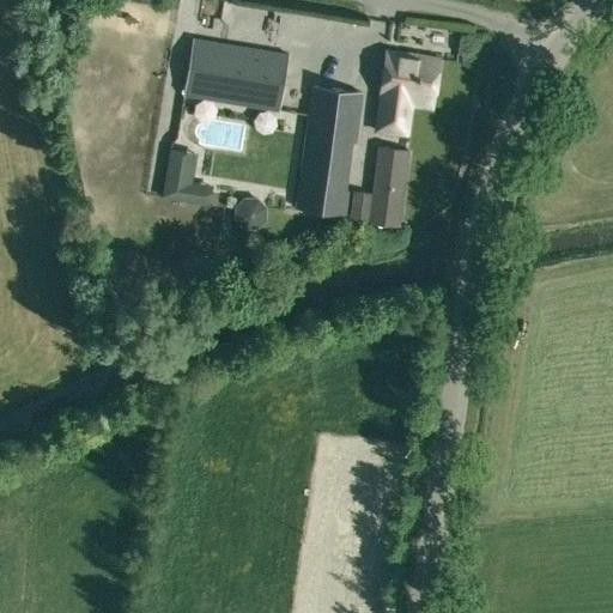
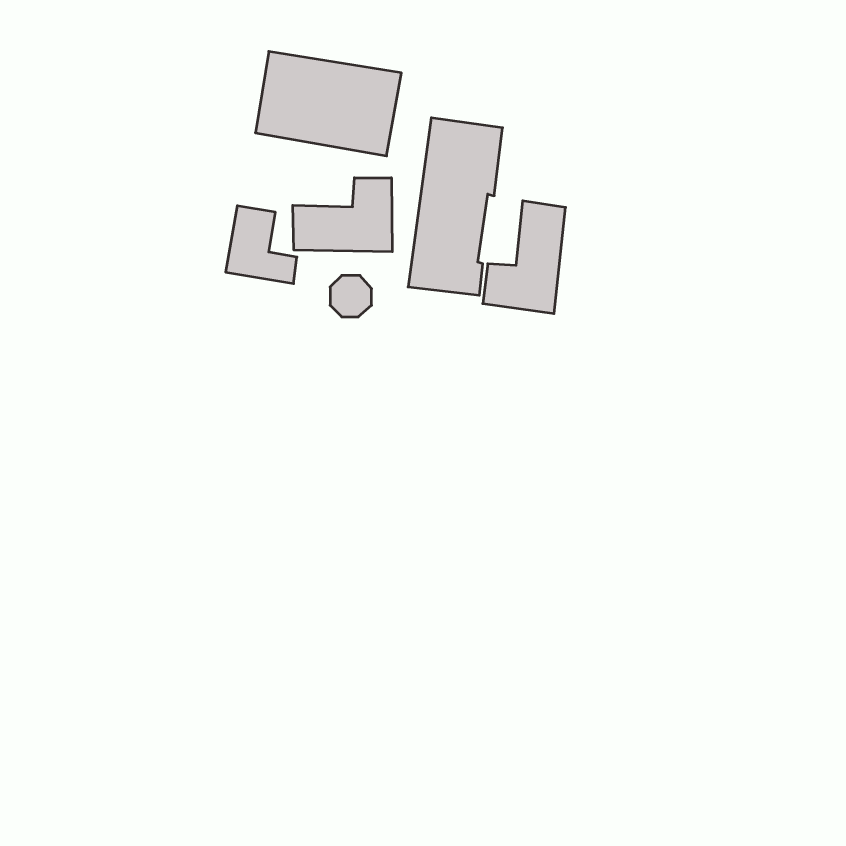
building: [375,51,441,136] -> none
building: none -> [293,178,392,252]

